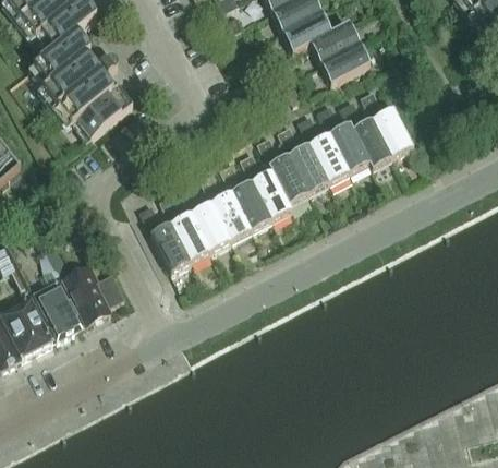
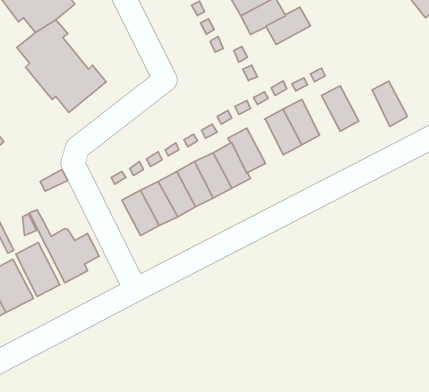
building: [320,39,369,81] -> none
building: [352,117,391,167] -> [372,81,408,126]
building: [288,143,328,192] -> none

